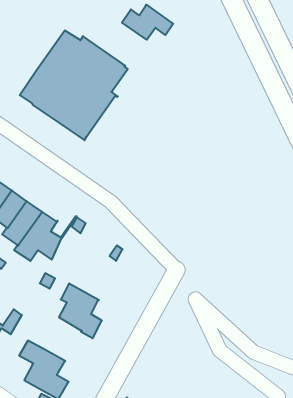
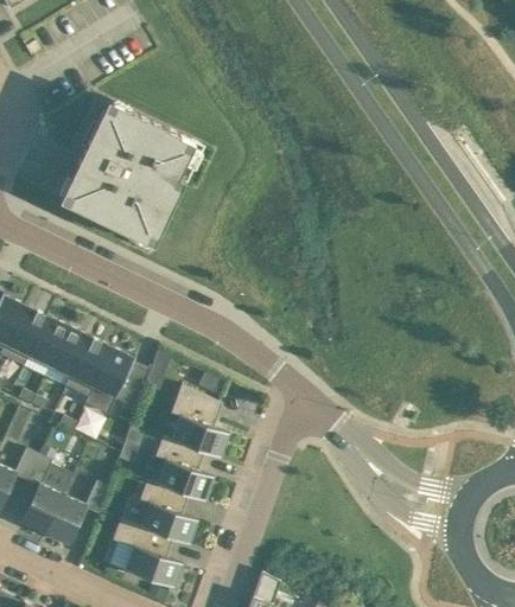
building: [122,5,173,40] -> none
building: none -> [170,384,228,458]
building: none -> [139,479,197,544]

